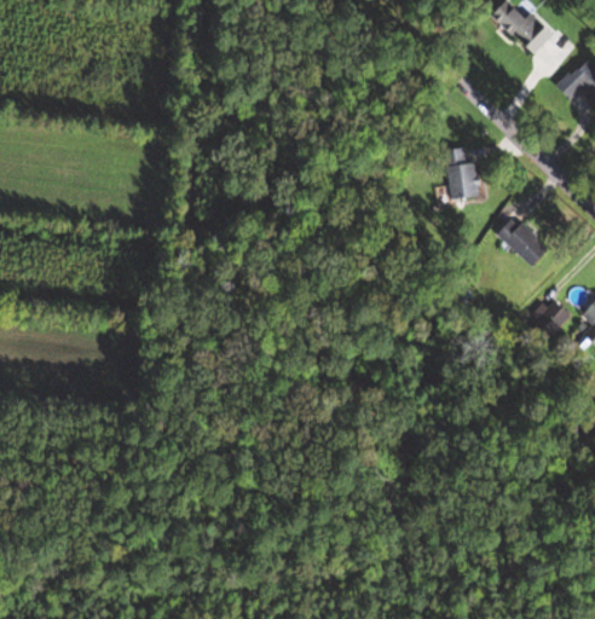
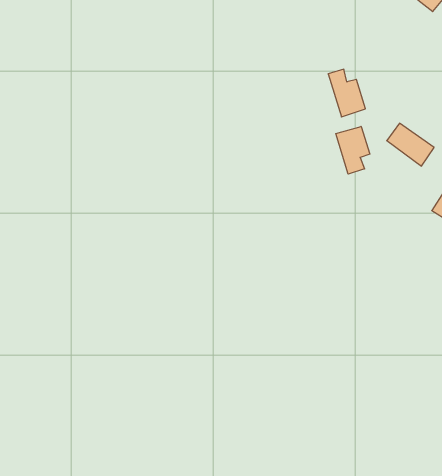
building: none -> [336,126,370,174]

